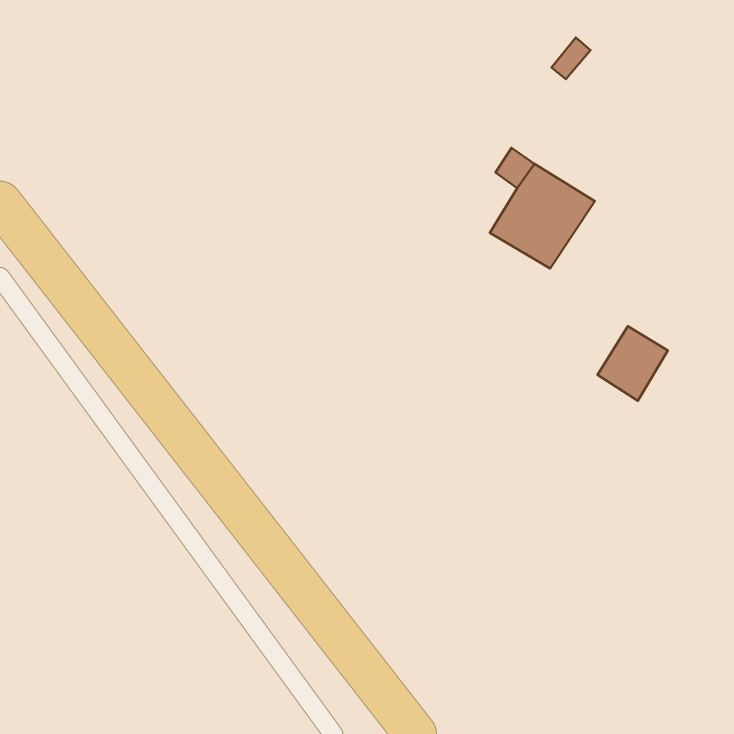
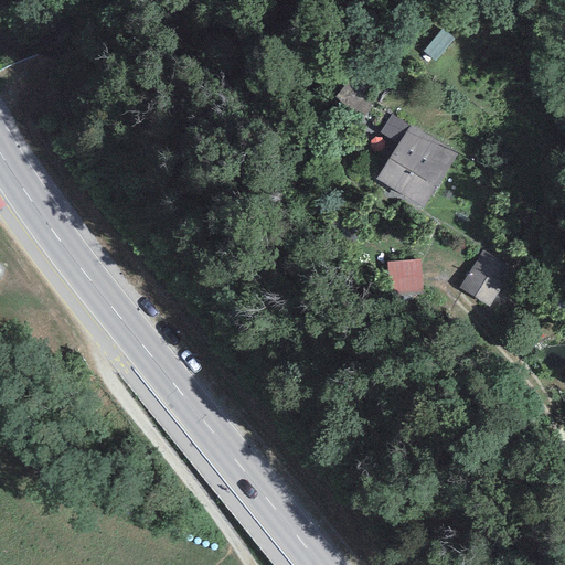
building: none -> [387,260,423,294]

